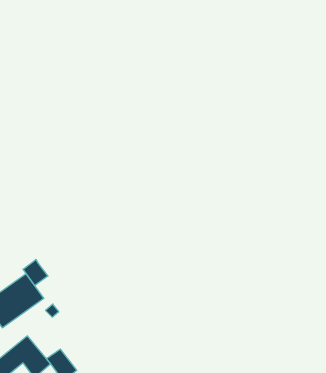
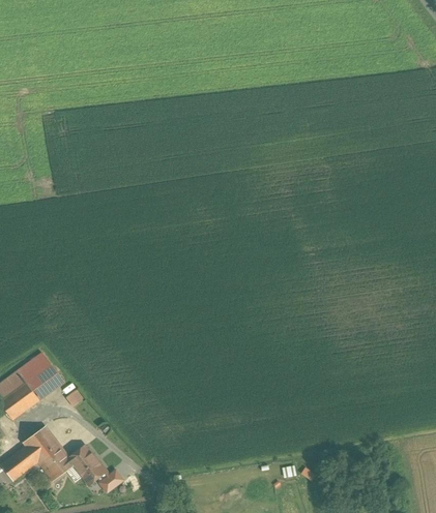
building: [23,259,48,286] -> none

